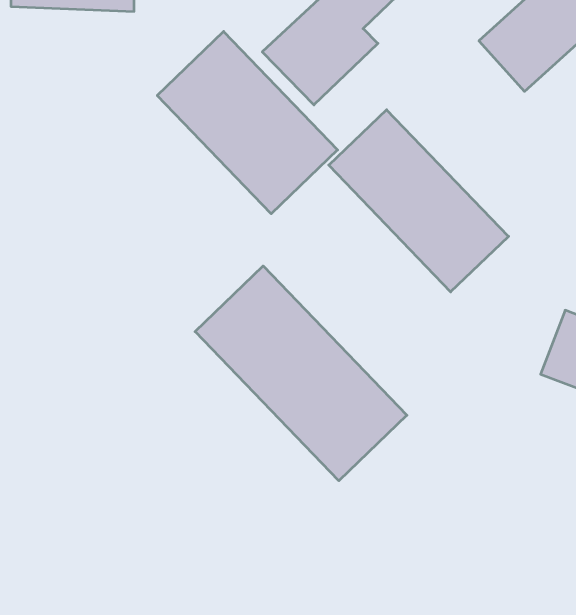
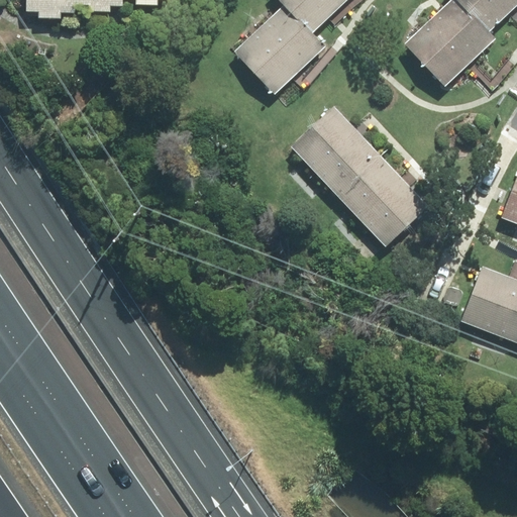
building: [157,31,338,214] -> none
building: [195,266,407,481] -> none

